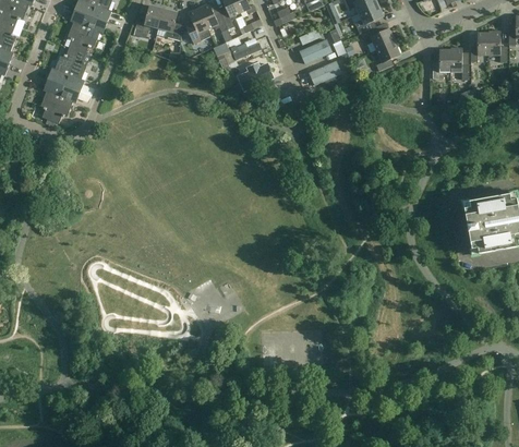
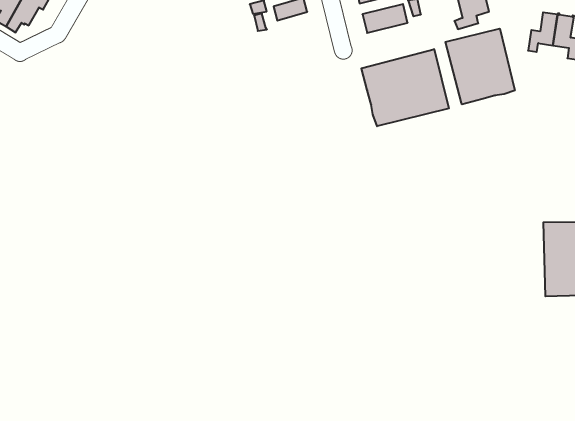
building: none -> [445,29,515,104]
building: none -> [361,49,449,126]

